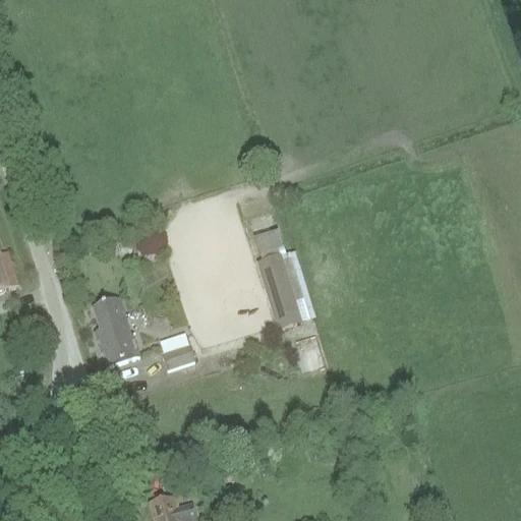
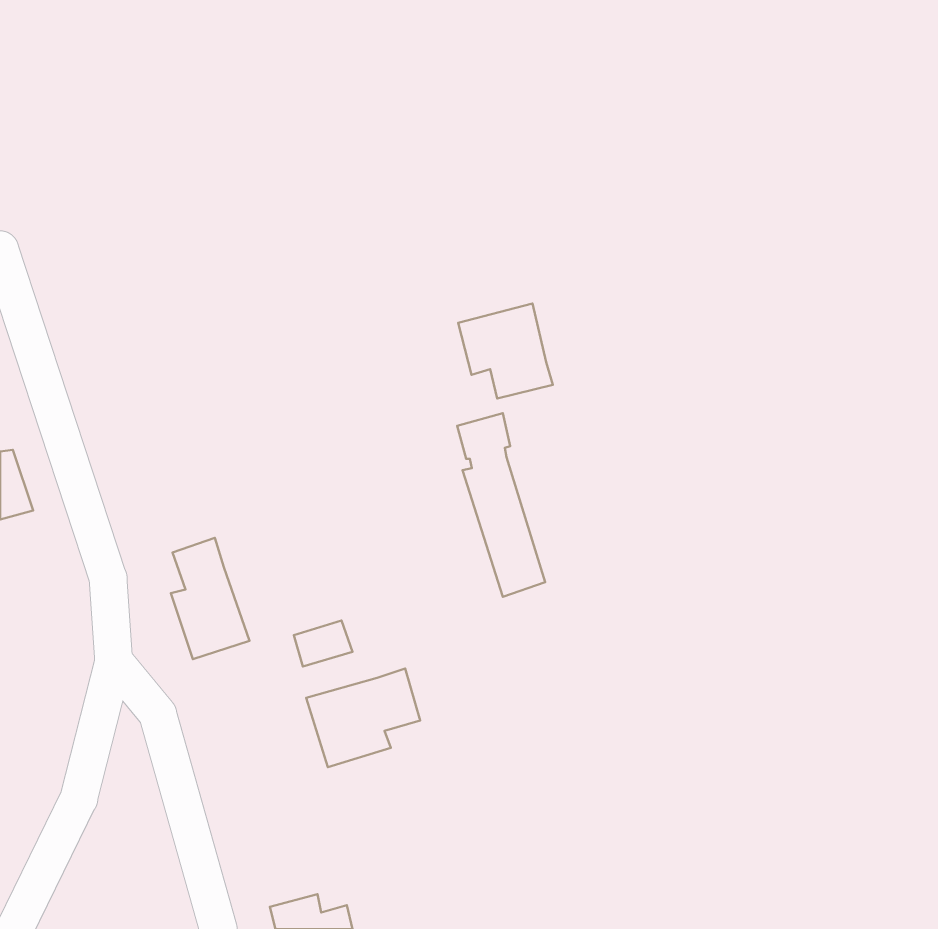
building: none -> [458,304,553,399]
building: none -> [306,669,420,767]

